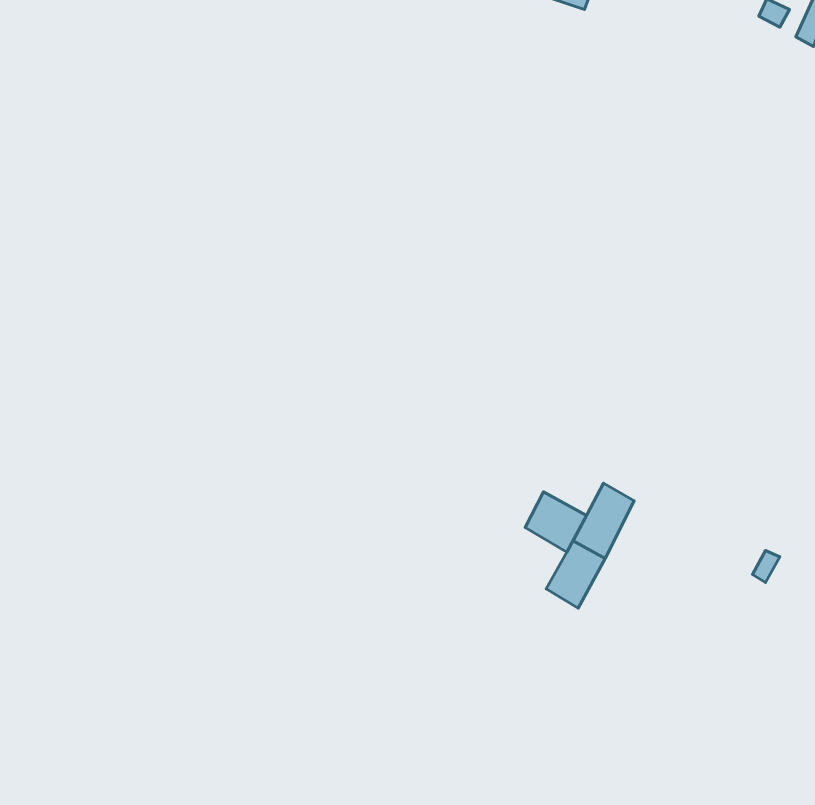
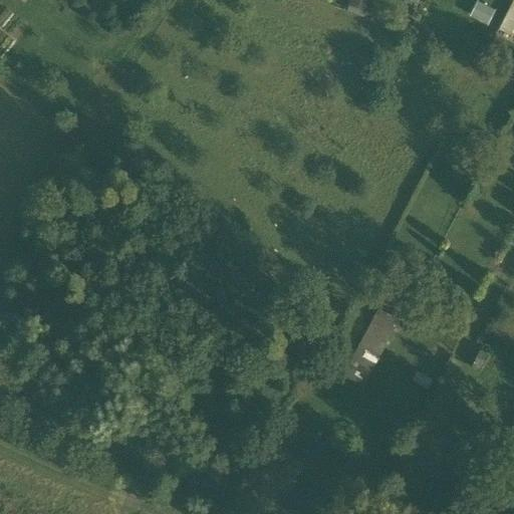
building: [525,492,586,552] -> none

